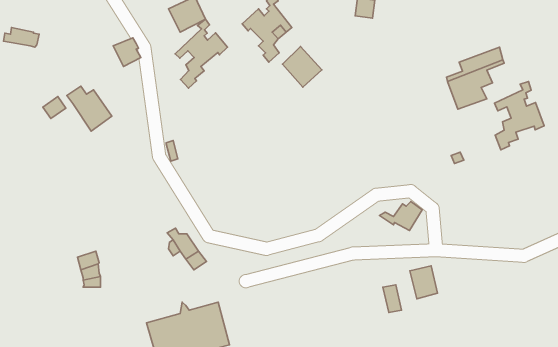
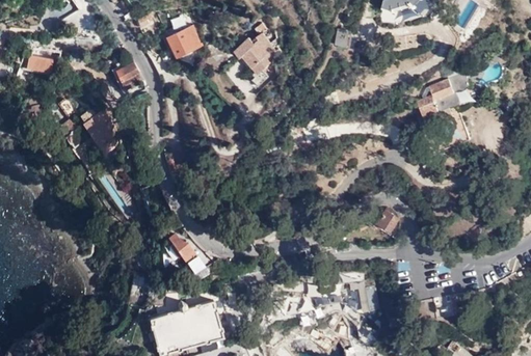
building: [175,19,228,88] -> none
building: [282,47,322,87] -> none
building: [494,81,544,150] -> none
building: [410,266,437,299] -> none

